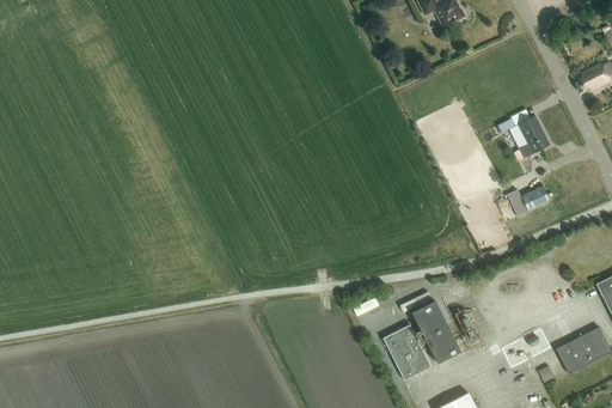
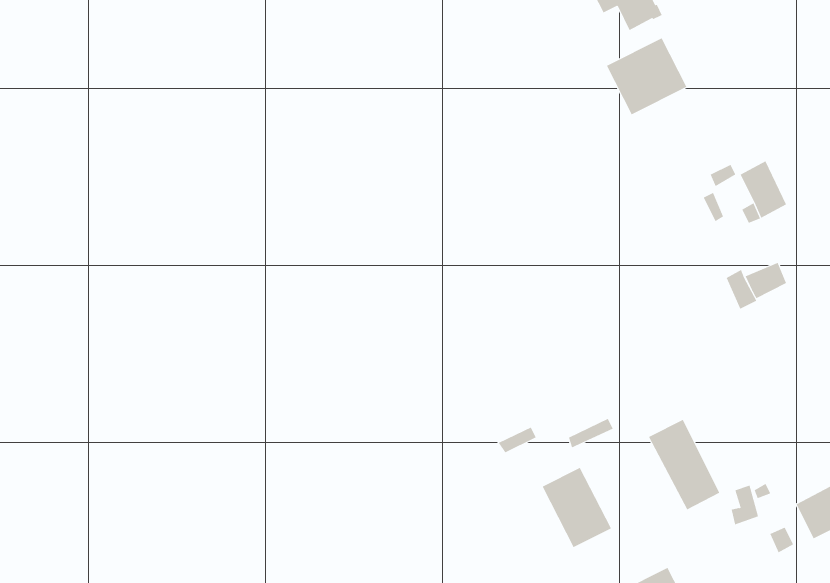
building: none -> [606,37,687,115]
building: [411,300,460,363] -> [648,419,720,510]

